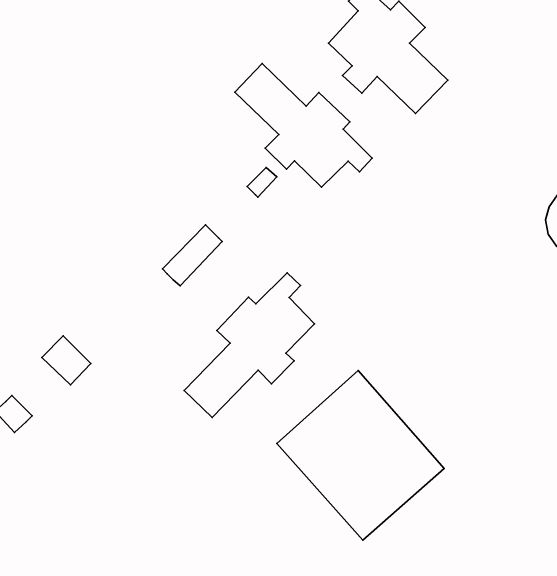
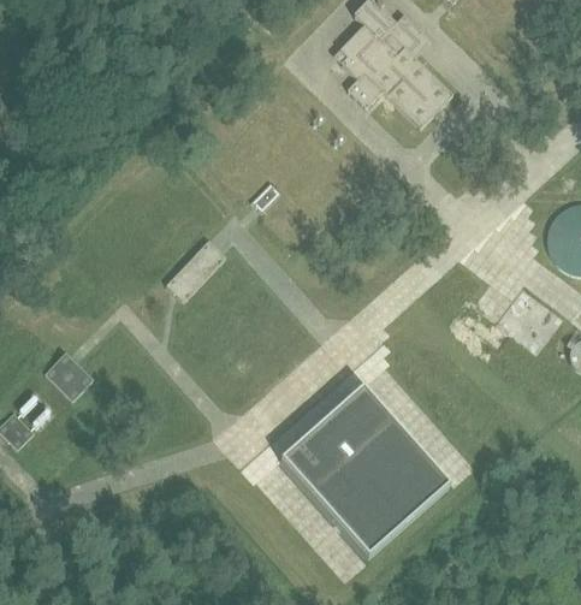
building: [235,64,372,187] -> none
building: [184,273,315,418] -> none

